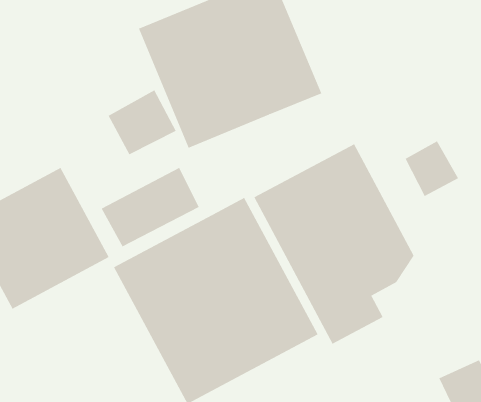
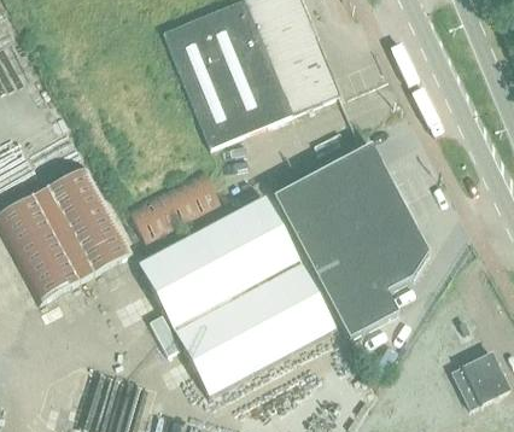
building: [108,90,176,155] -> none
building: [405,141,459,197] -> none

